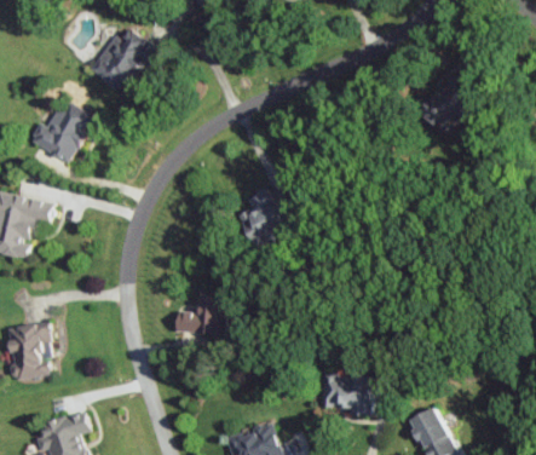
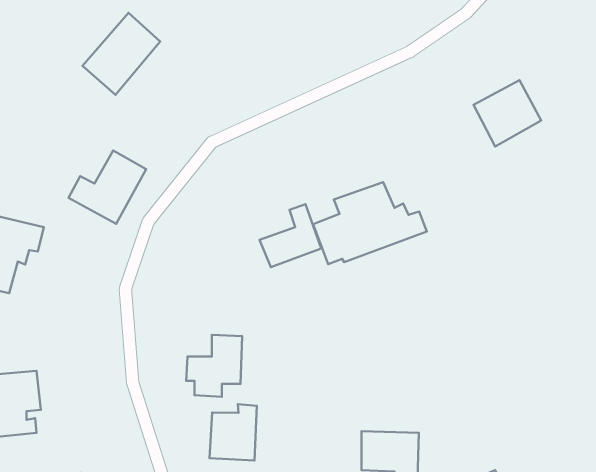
building: [28,100,93,162] -> [69,150,146,224]
building: none -> [313,182,427,264]
building: none -> [209,404,257,460]

